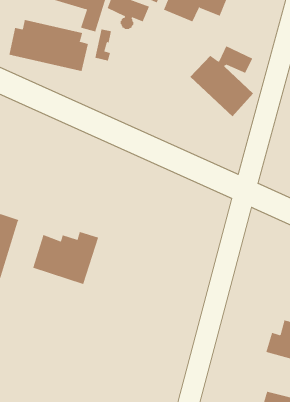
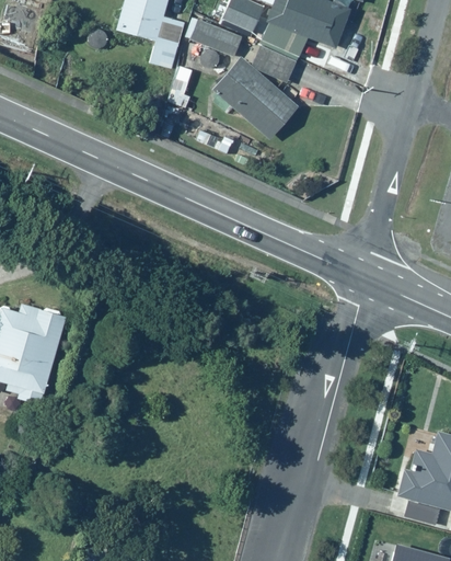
building: [9,19,88,72] -> none
building: [189,45,254,117] -> [212,44,298,139]
building: [33,231,99,285] -> none

